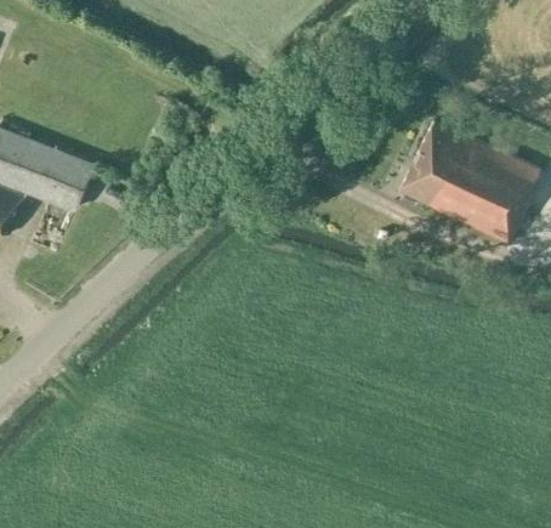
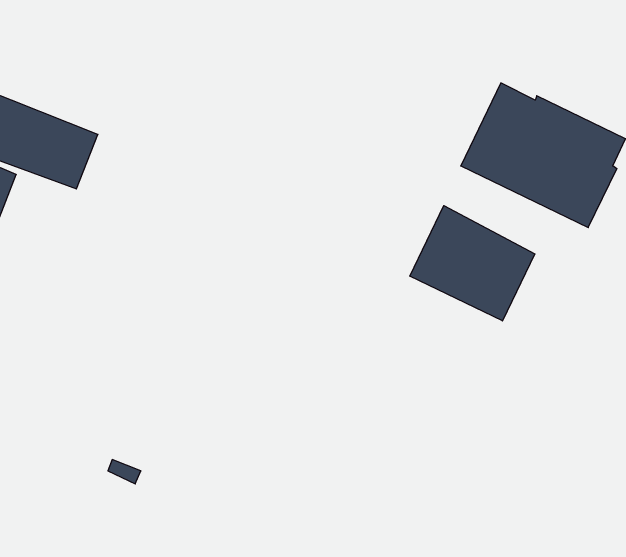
building: none -> [410,206,535,321]

